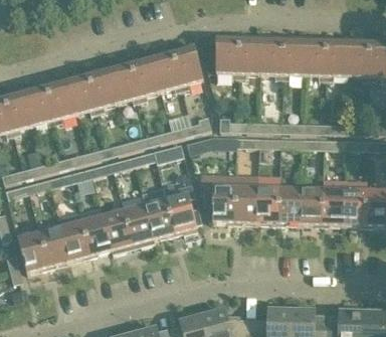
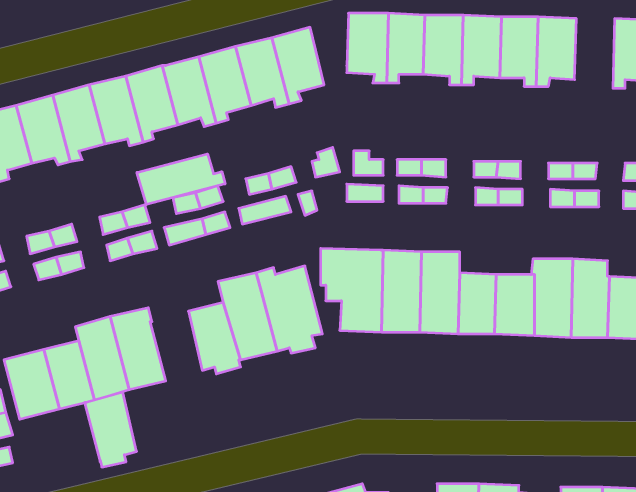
building: [347,40,370,80] -> none
building: none -> [137,154,225,205]
building: [102,209,132,252] -> [84,392,137,467]

